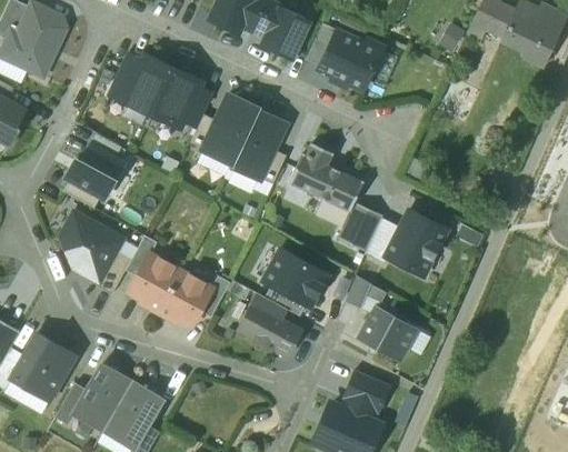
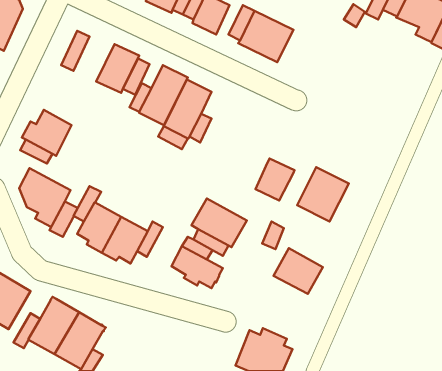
building: [124,56,172,112] -> none
building: [288,141,363,211] -> none
building: [363,219,400,263] -> none
building: [342,371,390,413] -> none

